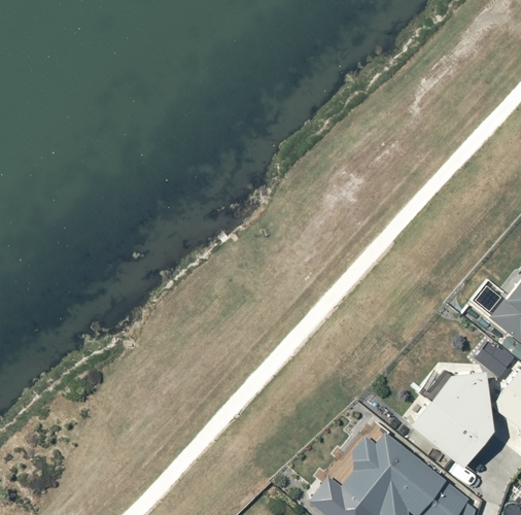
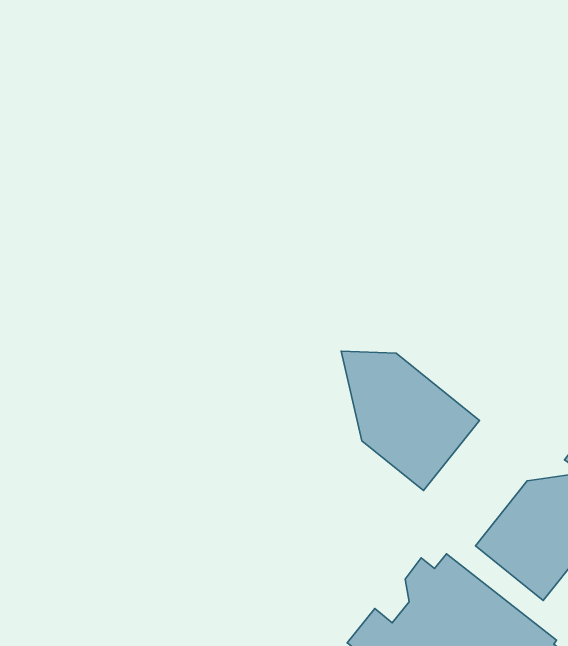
building: none -> [341,351,479,490]

